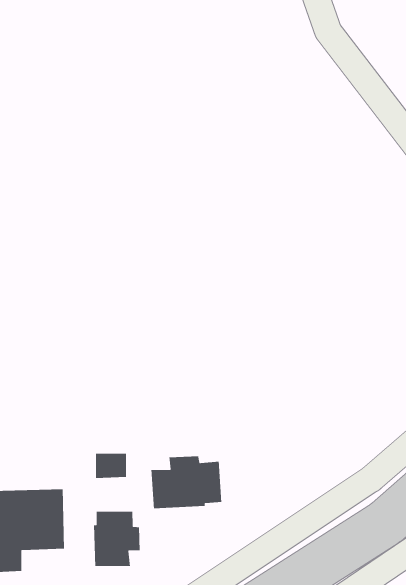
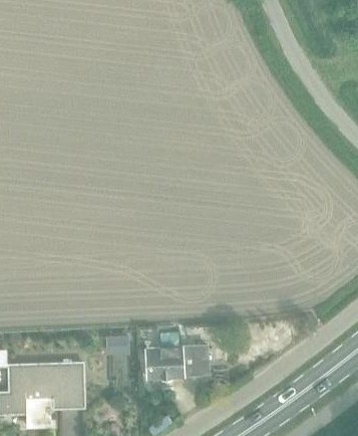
building: [93,511,141,567] -> none

